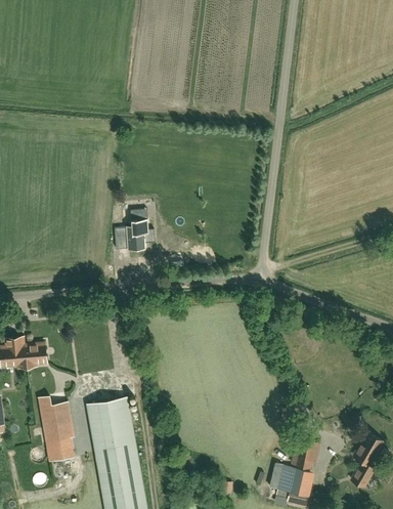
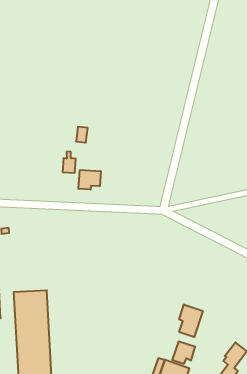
building: none -> [79,170,101,190]
building: none -> [179,304,203,337]

